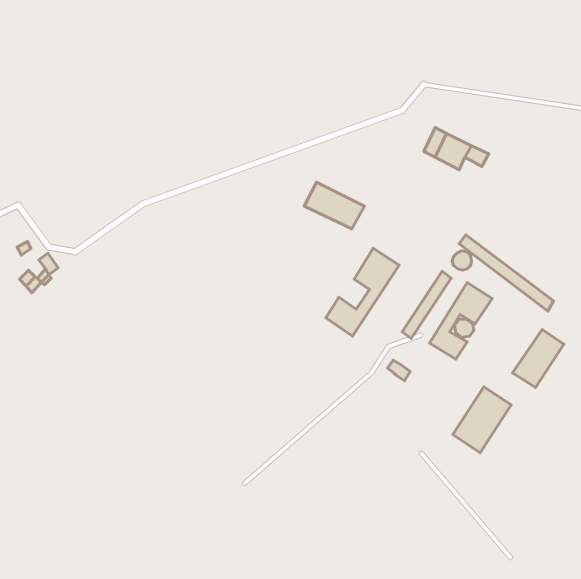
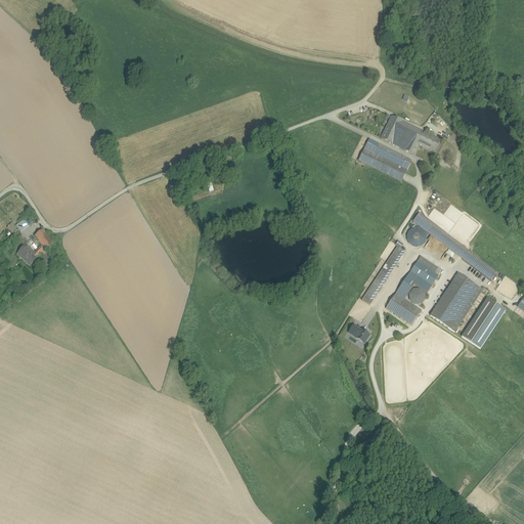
building: [304,182,364,229] -> [357,137,411,179]
building: [326,248,399,336] -> none
building: [453,387,511,453] -> [430,271,482,331]

